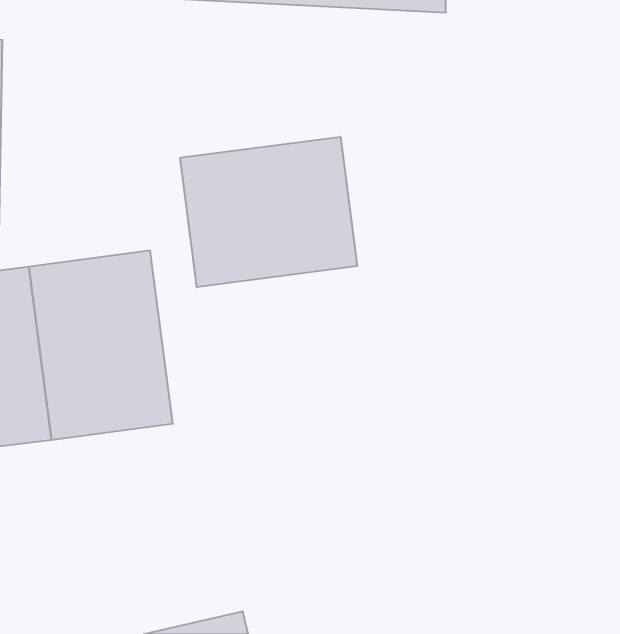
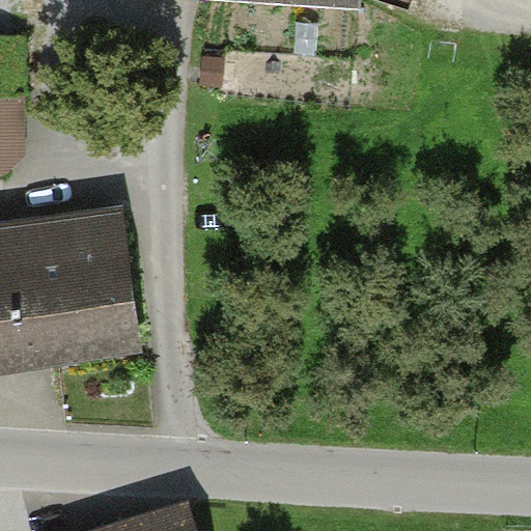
building: [180,137,357,287] -> none

